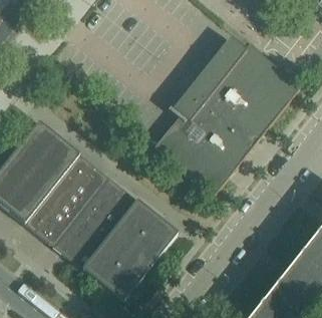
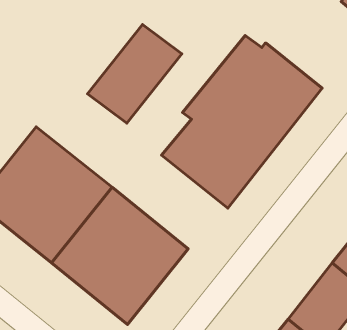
building: none -> [88,24,182,123]

